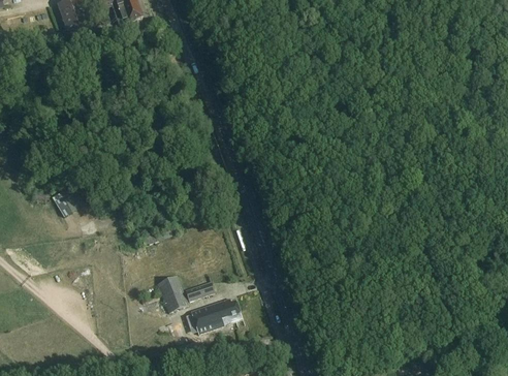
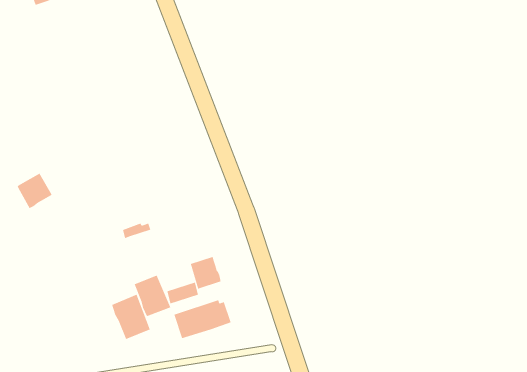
building: none -> [190,256,221,290]
building: none -> [111,294,150,340]

